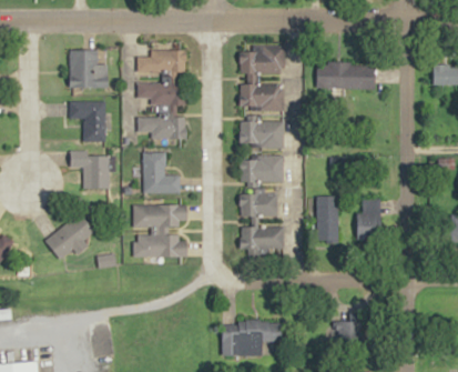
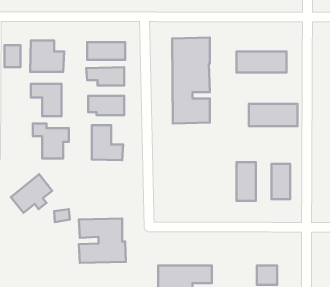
building: none -> [5,45,20,67]
building: none -> [249,104,297,126]
building: [240,157,283,182] -> none
building: [238,193,284,250] -> none
building: [131,204,187,258] -> [79,218,126,263]

